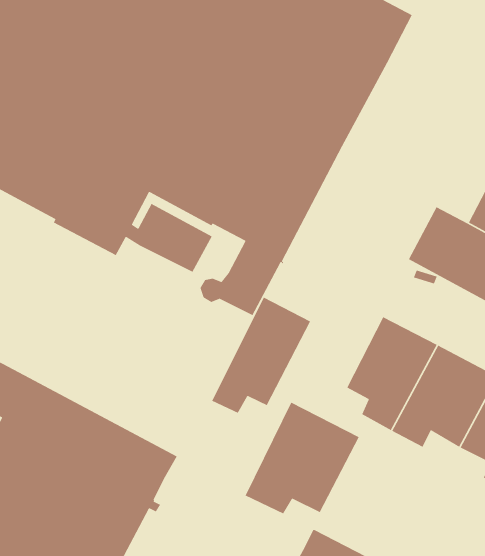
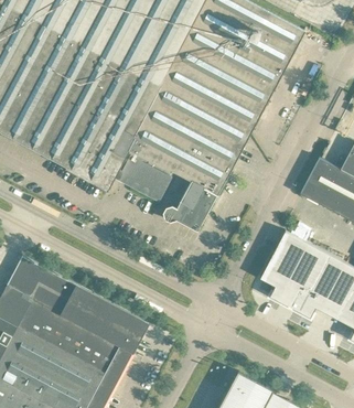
building: [211,296,311,414] -> none
building: [245,401,360,514] -> none

